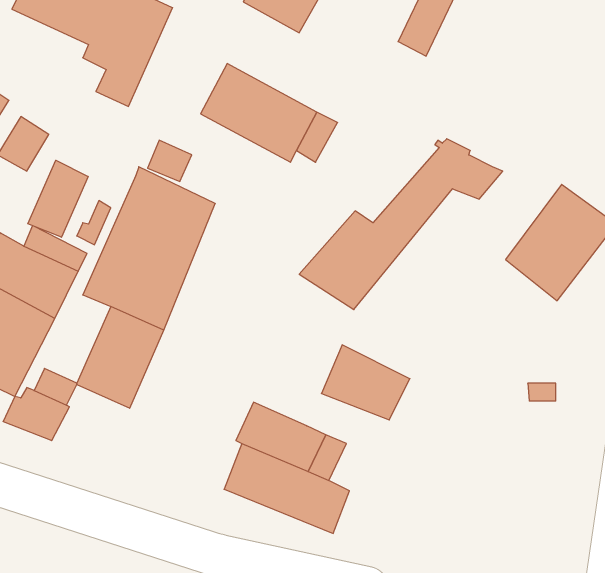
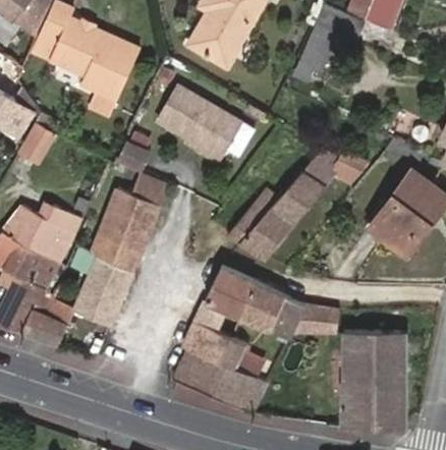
building: [28,160,88,237] -> none
building: none -> [206,265,258,316]
building: none -> [290,305,338,340]
building: none -> [343,332,405,426]

